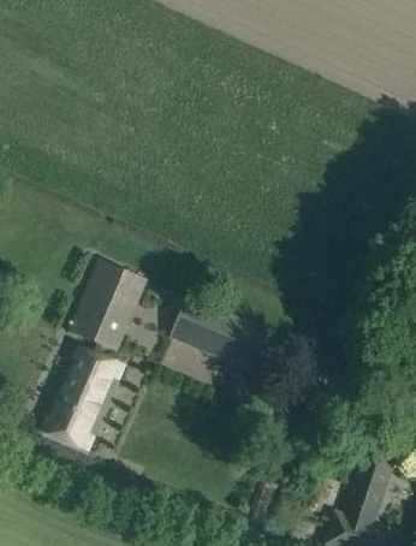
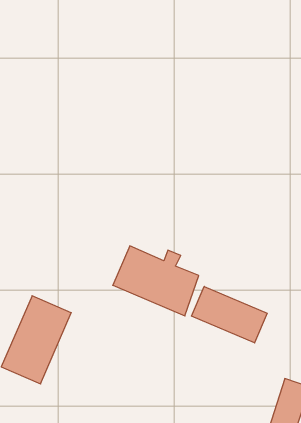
building: [66,261,145,352] -> none
building: none -> [192,286,267,343]

